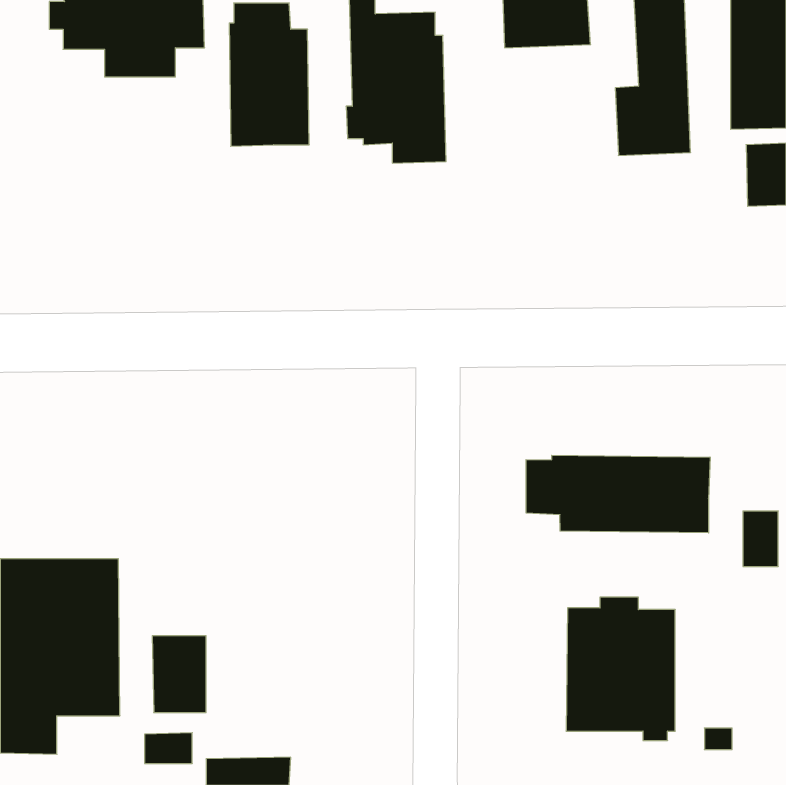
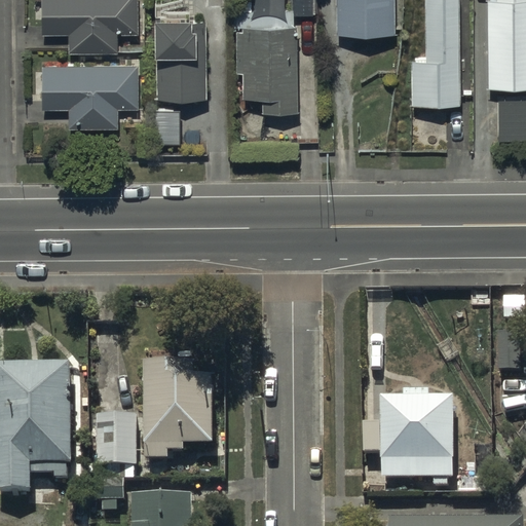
building: none -> [33,64,138,127]
building: [526,455,710,533] -> none
building: none -> [150,373,214,469]

